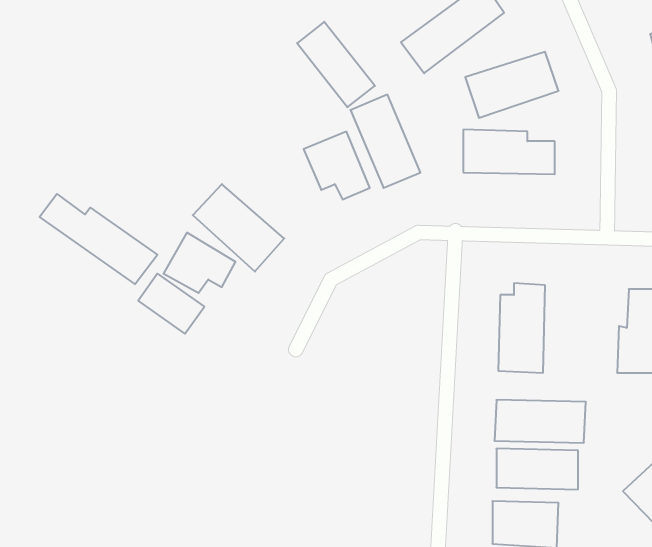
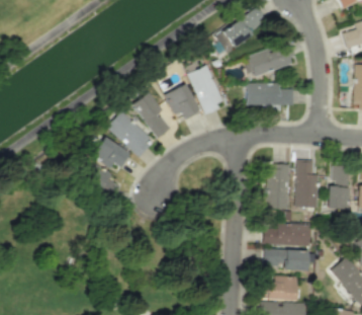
building: [297,22,375,107] -> [131,93,172,138]
building: [40,194,157,284] -> none
building: none -> [296,160,319,208]

